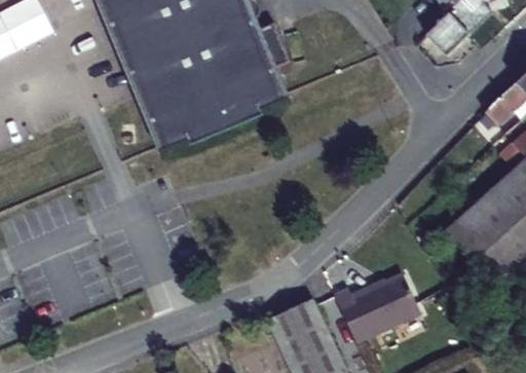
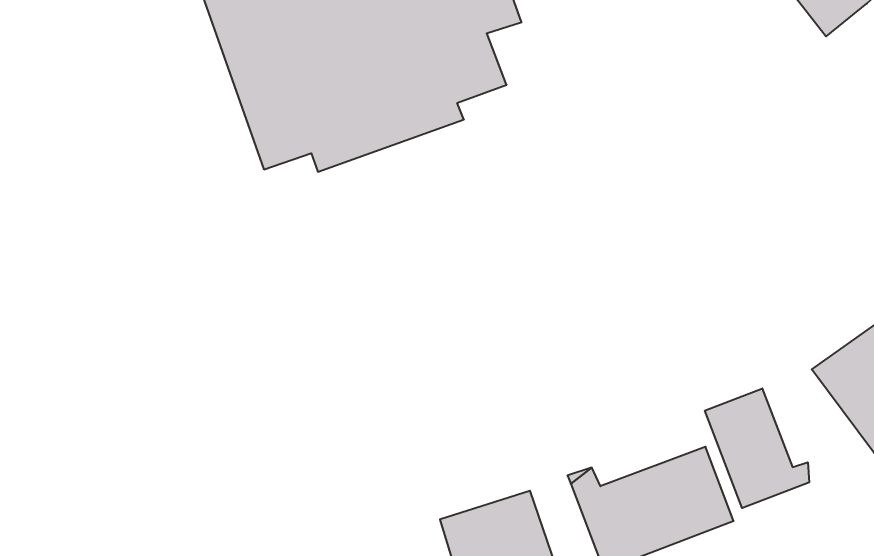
building: none -> [705,388,809,508]

